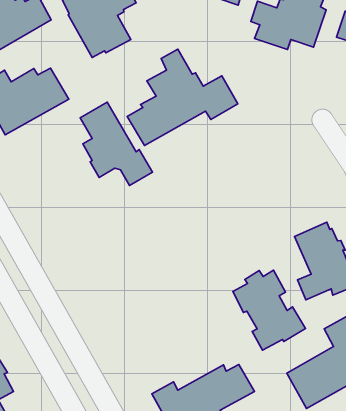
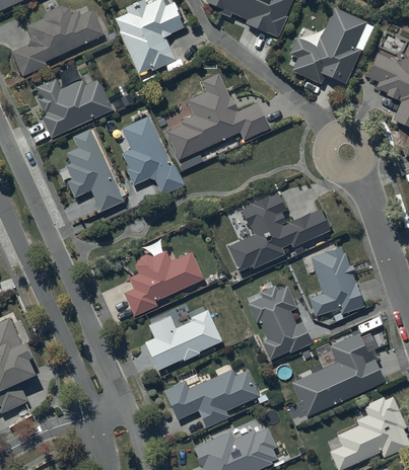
building: none -> [66,129,124,213]
building: none -> [226,193,328,271]
building: none -> [125,248,202,315]
building: none -> [144,311,221,371]

